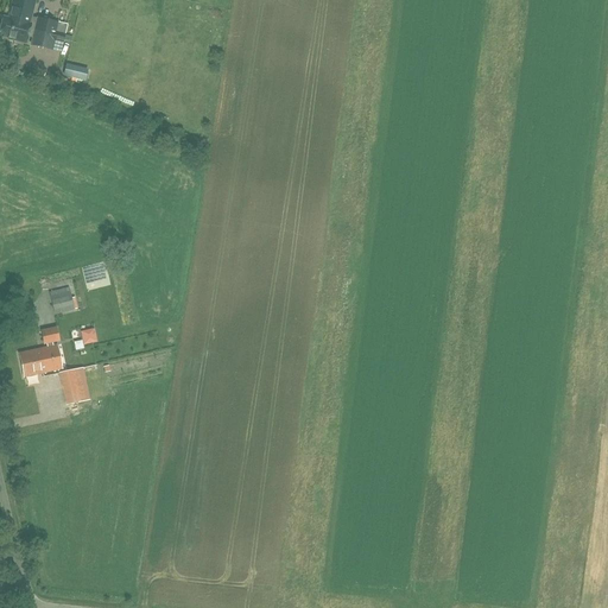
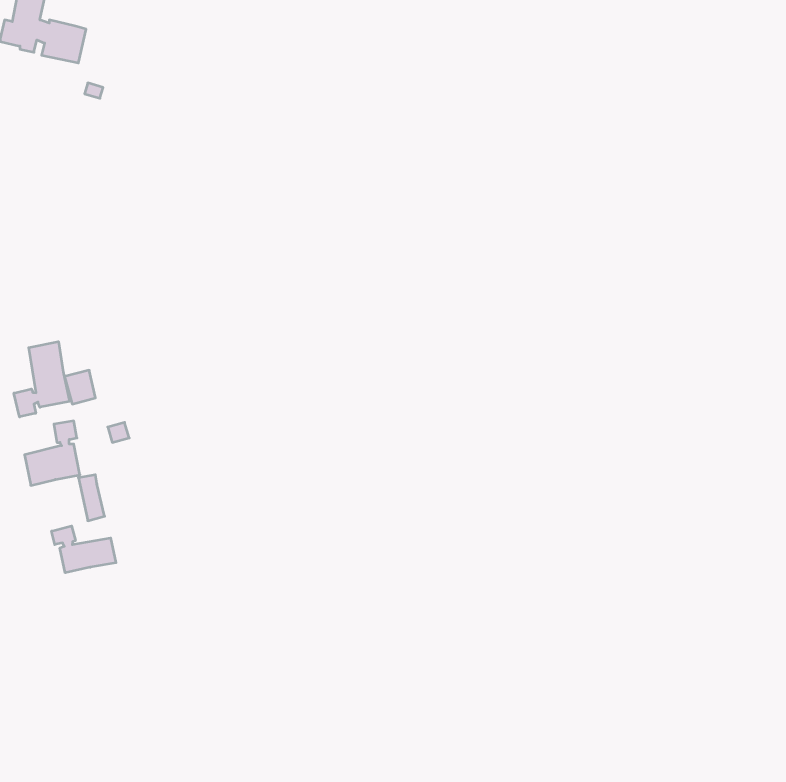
building: none -> [14,342,69,417]
building: none -> [52,526,116,573]

